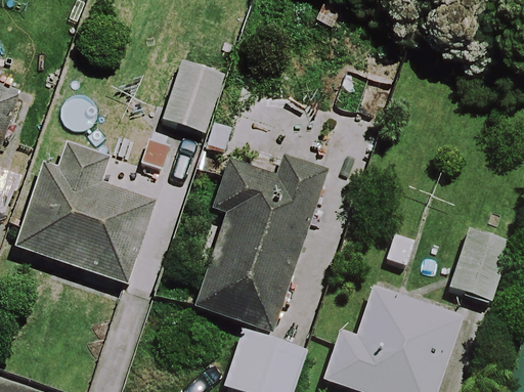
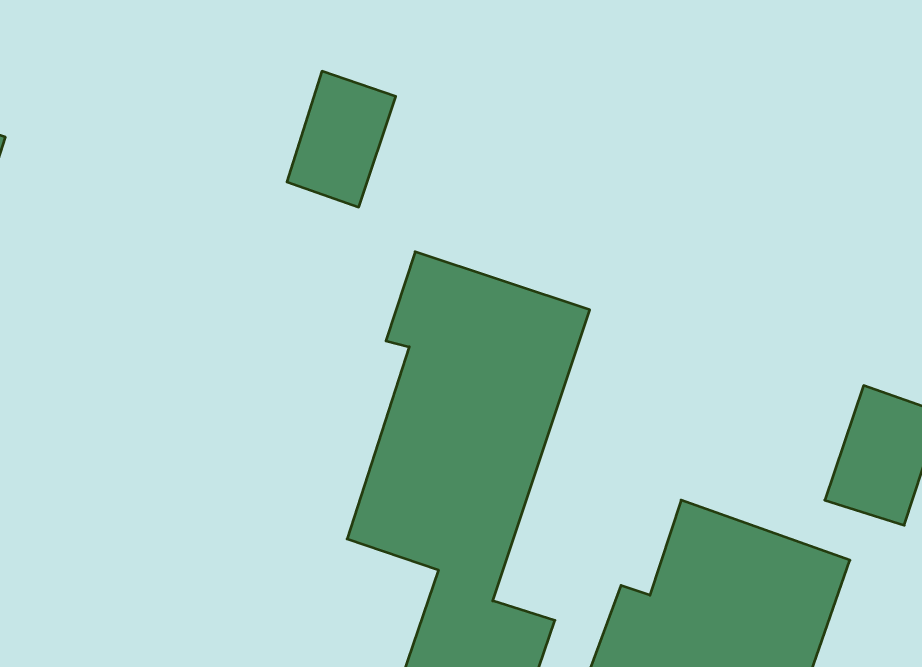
building: [18,137,152,282] -> none

